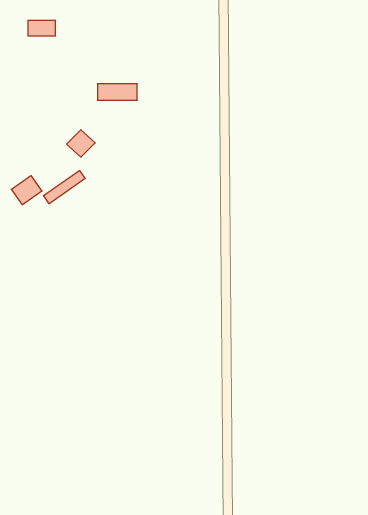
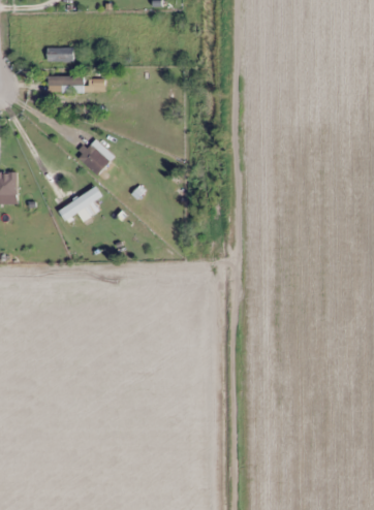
building: [97,84,137,100] -> [48,75,85,91]
building: [11,176,42,205] -> none

